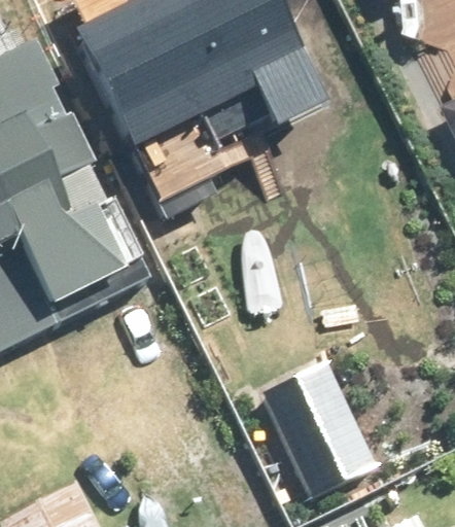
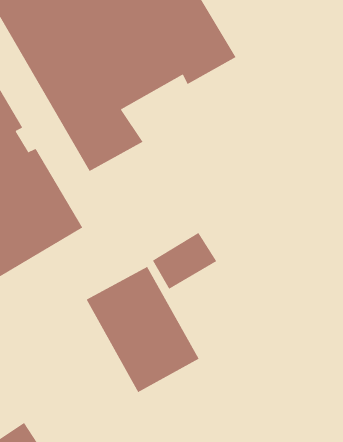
building: [259,359,376,493] -> [86,266,199,393]

